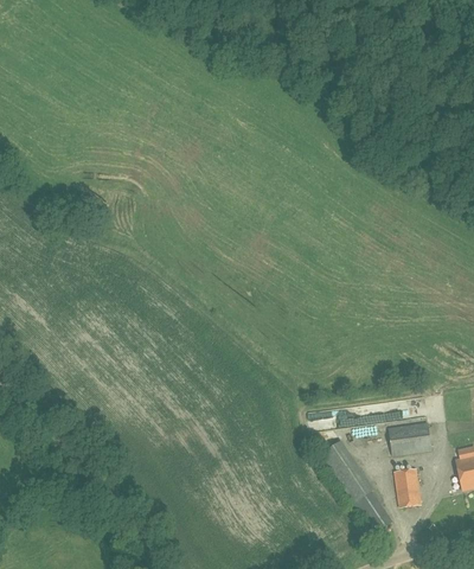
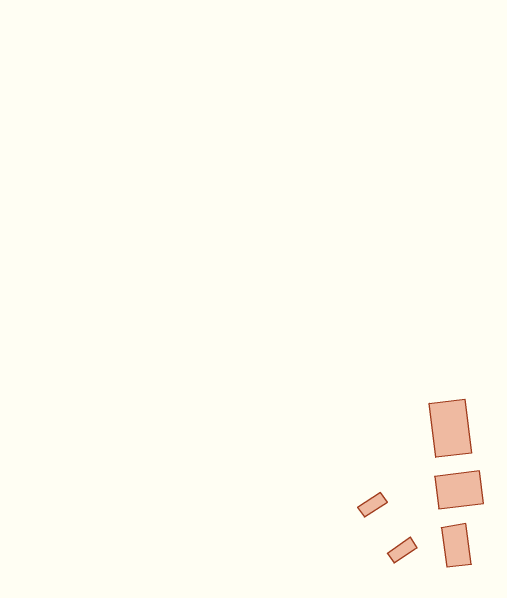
building: none -> [429,399,471,457]

